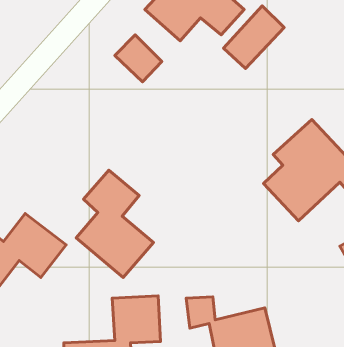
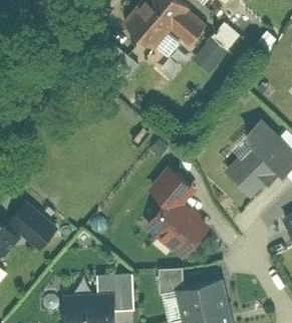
building: [76,170,154,278] -> [143,166,208,255]

